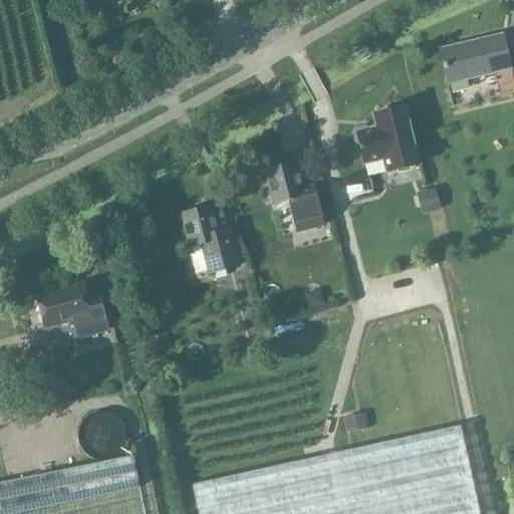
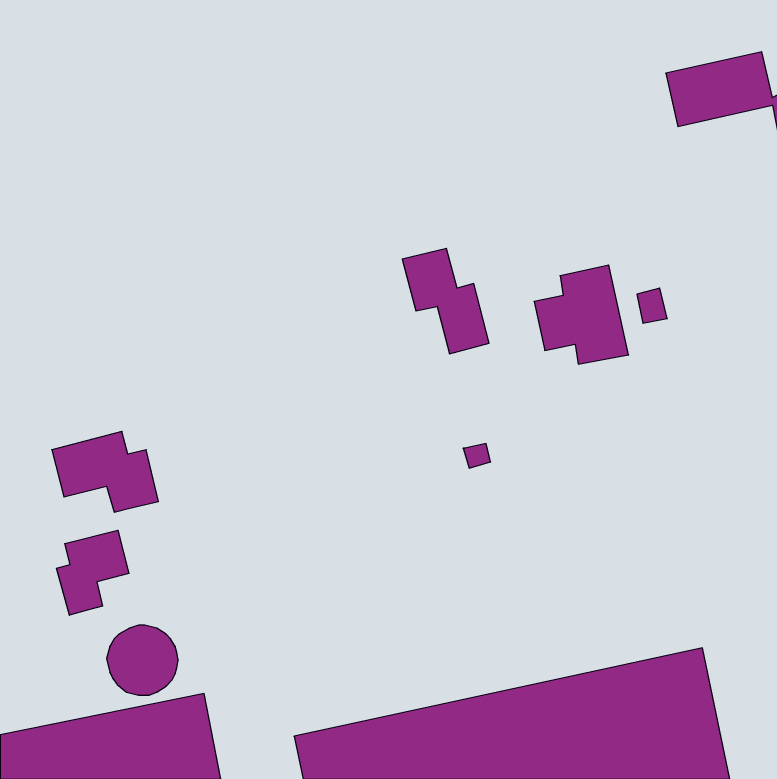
building: [350,96,413,162] -> [534,265,629,364]
building: [182,208,235,274] -> none
building: none -> [56,530,129,615]

